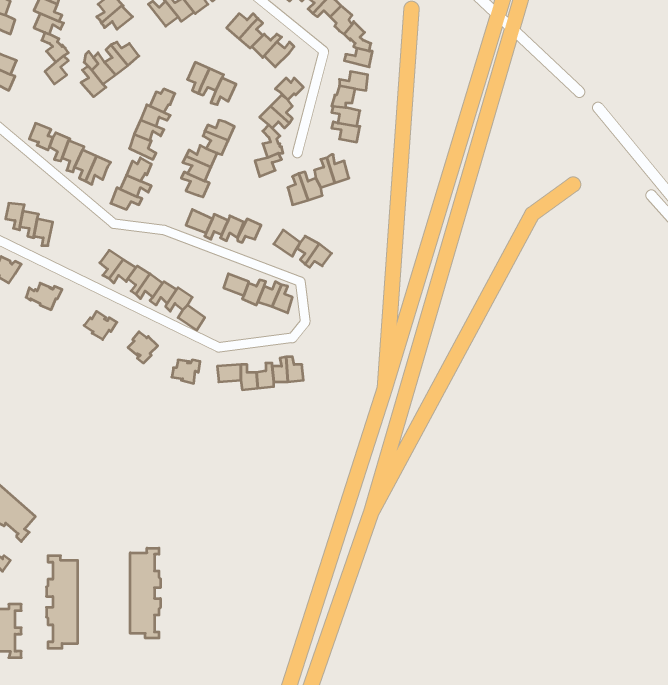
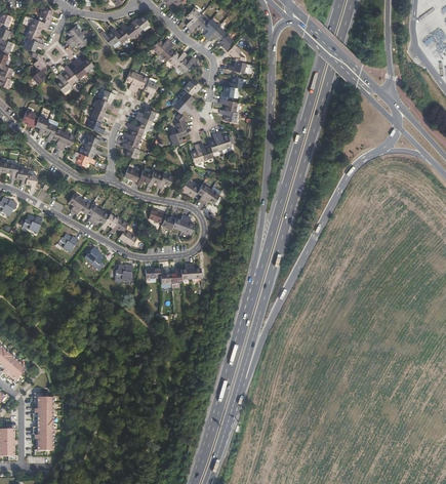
building: [130,548,160,638] -> none

